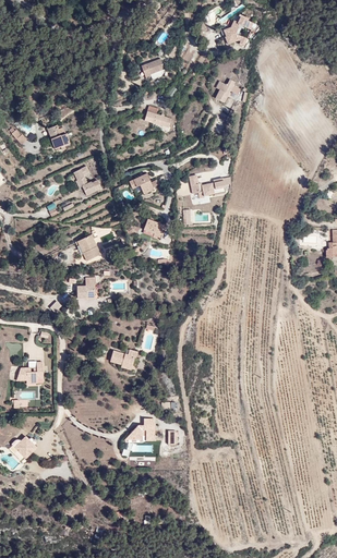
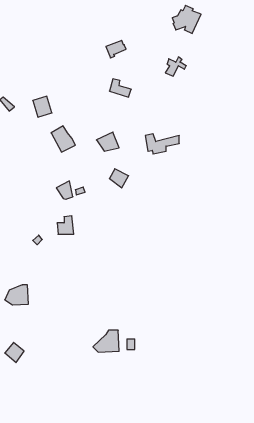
building: [108,349,139,371] -> none

